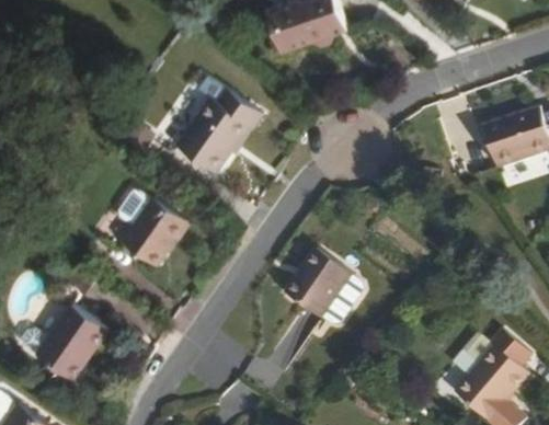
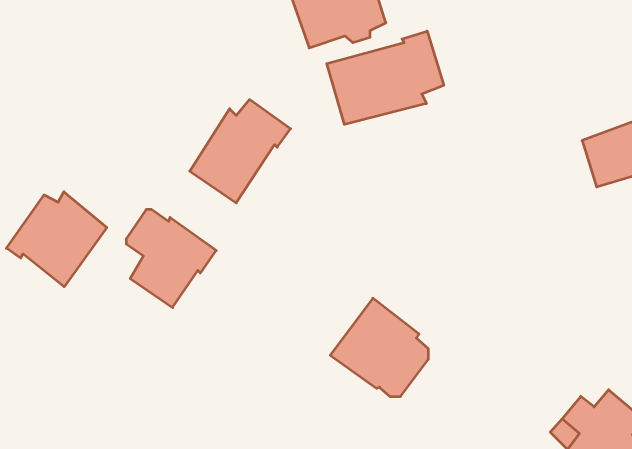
building: none -> [327,31,444,124]
building: none -> [6,192,107,287]
building: [42,298,112,372] -> none

